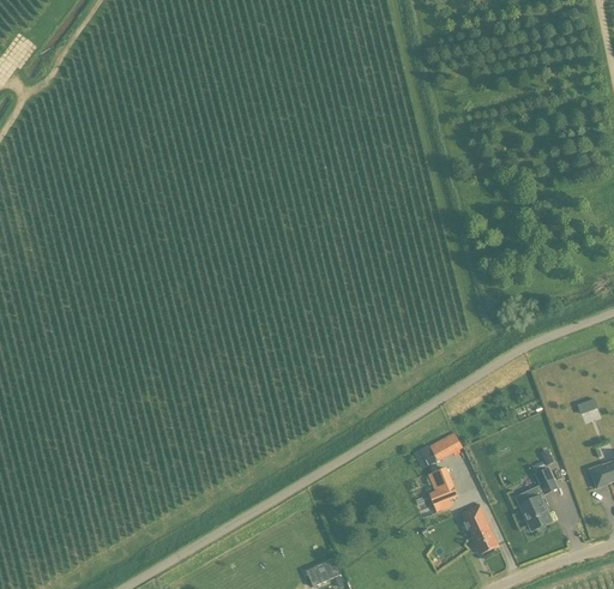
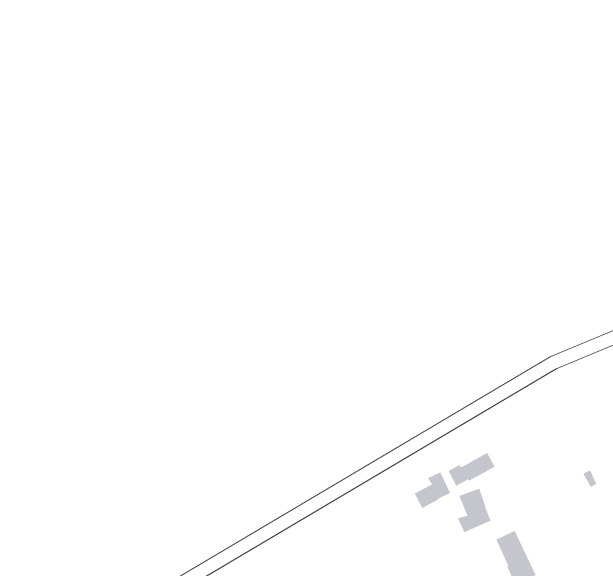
building: none -> [414,471,451,509]
building: [516,469,558,530] -> none

